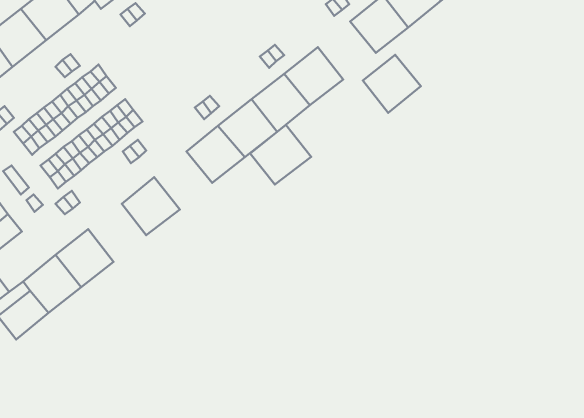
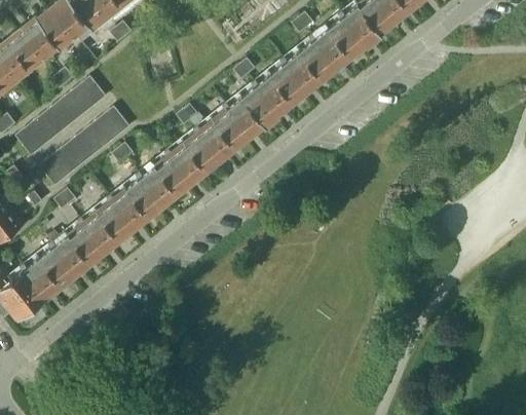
building: [363,55,421,113] -> [287,40,338,91]
building: [250,125,311,185] -> none
building: none -> [142,155,193,206]
building: none -> [83,201,135,253]

